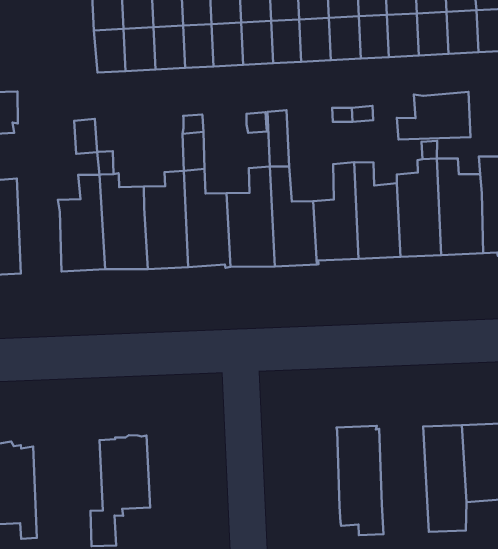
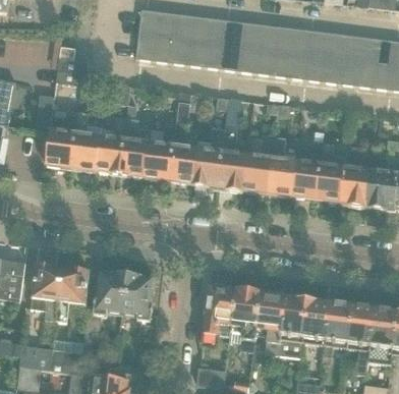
building: [397,92,471,140] -> none
building: none -> [71,112,101,170]
building: none -> [256,290,287,356]
building: none -> [203,285,237,347]
building: none -> [122,272,157,339]
building: none -> [54,267,88,323]

